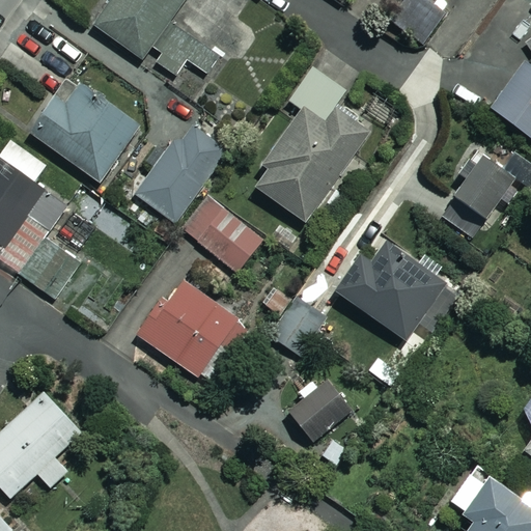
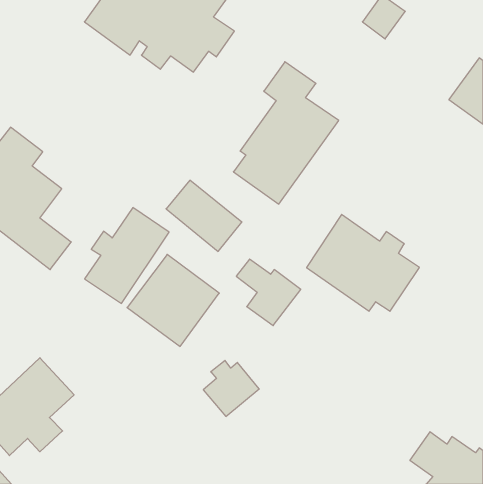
building: [30,75,139,181] -> none
building: [132,120,224,225] -> [85,208,169,303]
building: [438,149,515,240] -> none
building: [288,380,350,441] -> [203,360,259,416]

